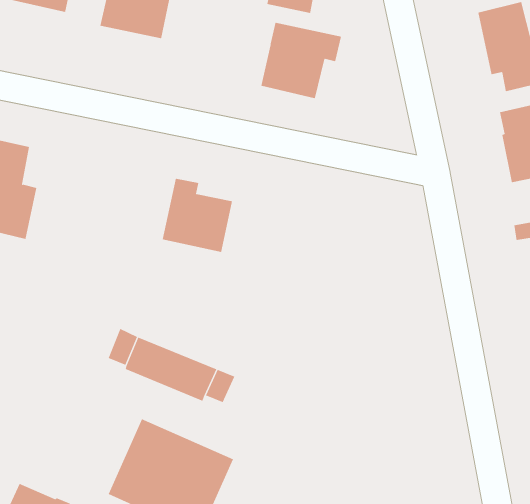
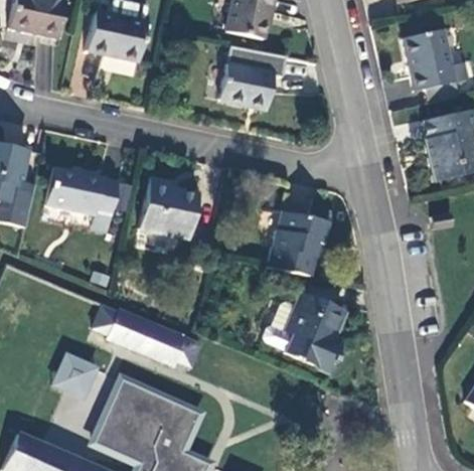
building: none -> [45,166,119,232]
building: none -> [267,209,328,274]
building: none -> [264,293,345,370]
building: none -> [53,352,97,397]

